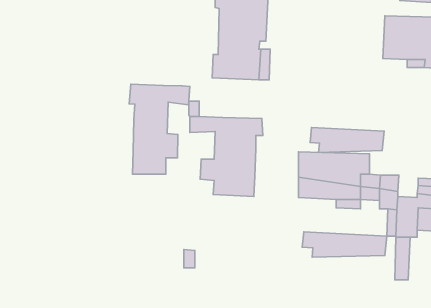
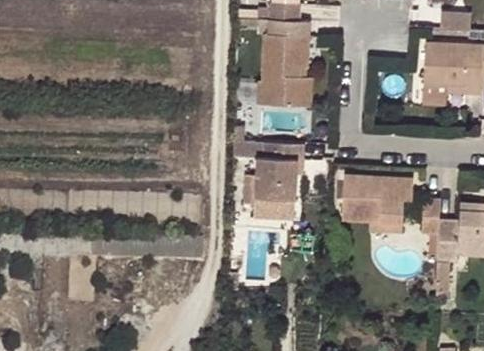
building: [129,84,190,174] -> none
building: [310,127,384,152] -> none
building: [302,232,387,257] -> none

